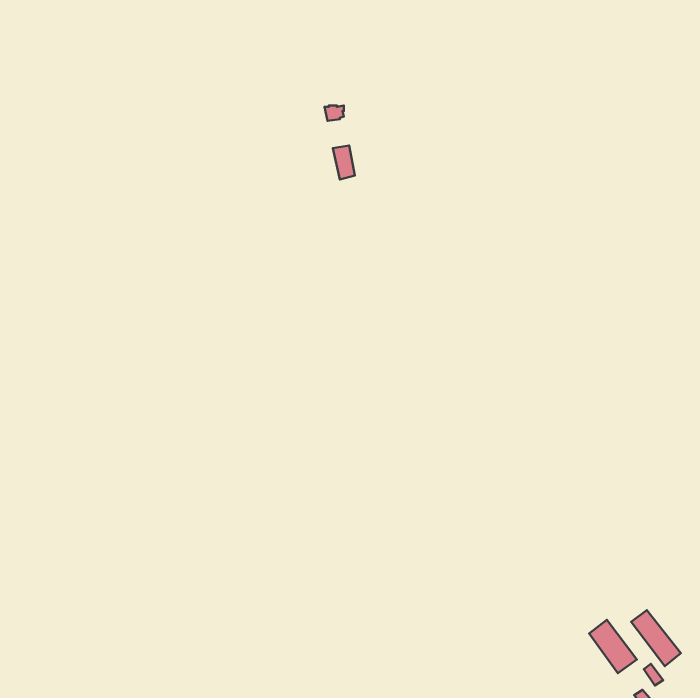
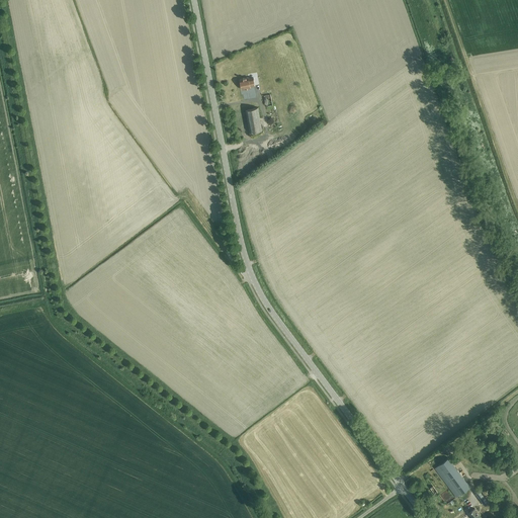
building: [631,610,681,666] -> none

